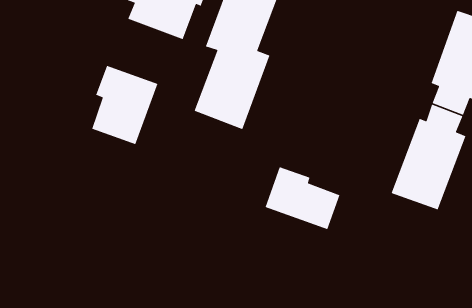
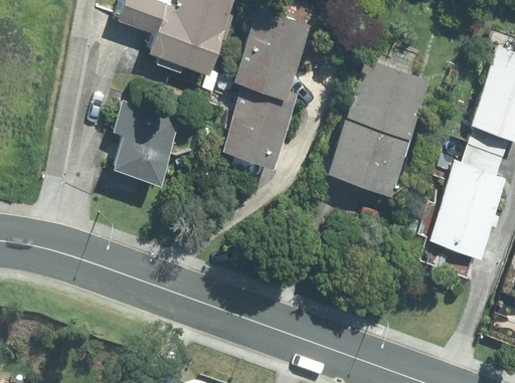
building: none -> [324,60,431,198]
building: [264,166,340,230] -> none

